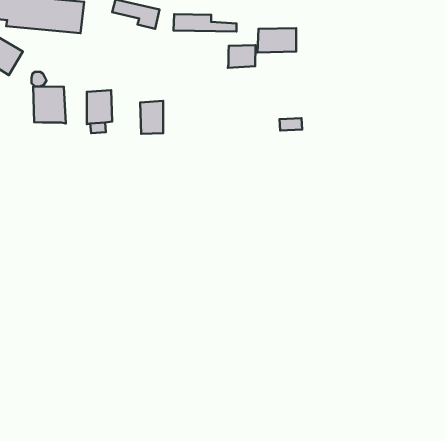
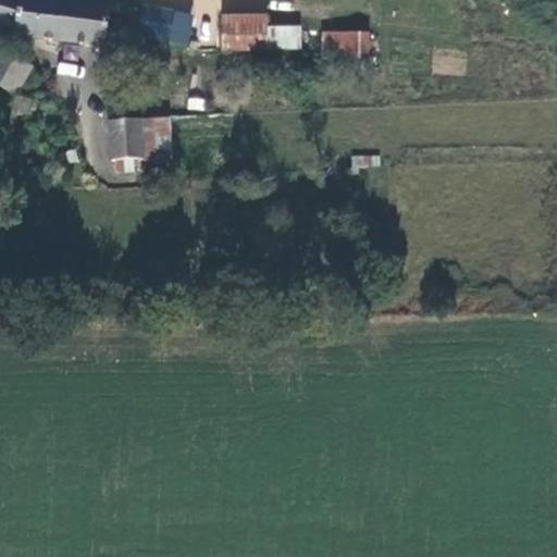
building: [228,45,255,68] -> none
building: [33,87,66,123] -> none
building: [140,101,163,134] -> [138,110,166,151]

